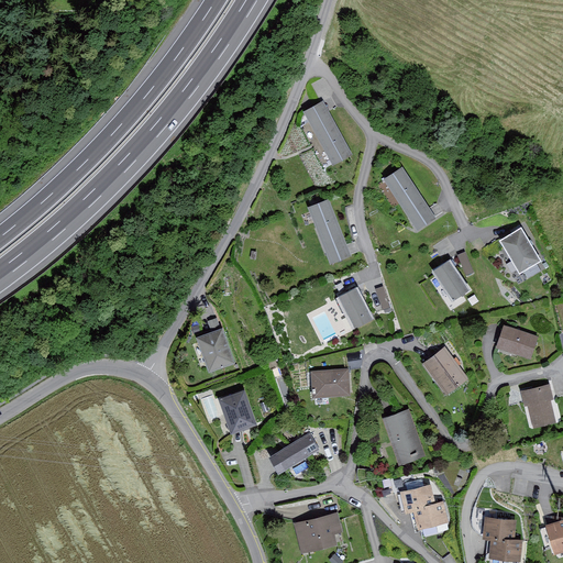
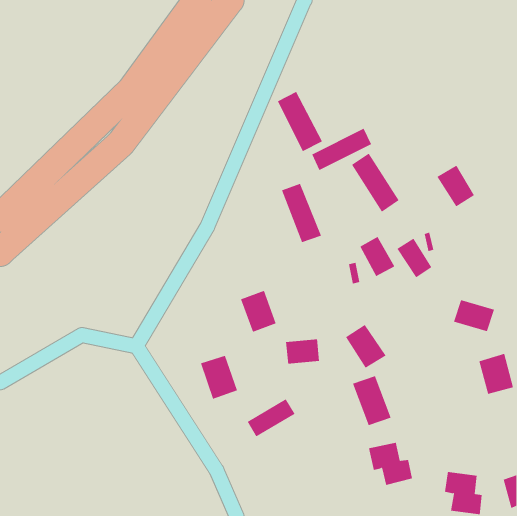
building: none -> [311,128,372,171]
building: [498,228,540,274] -> [437,165,475,207]
building: [335,287,374,331] -> [360,236,395,277]
building: [196,329,235,375] -> [240,290,277,333]
building: [426,349,471,397] -> [345,324,387,369]
building: [294,512,345,554] -> none

